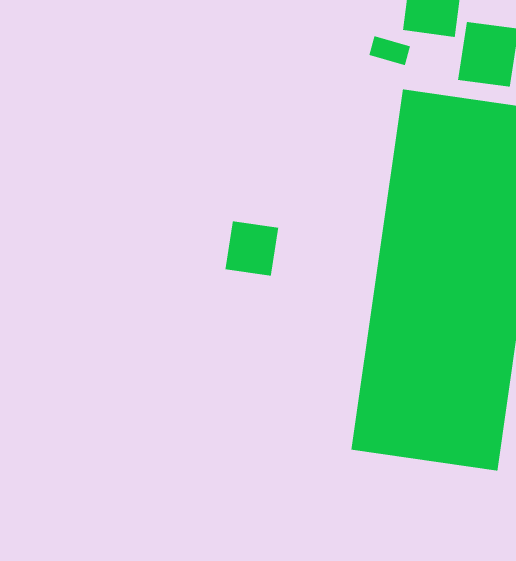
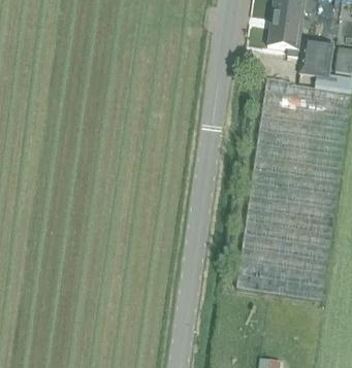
building: [225,220,279,276] -> none

